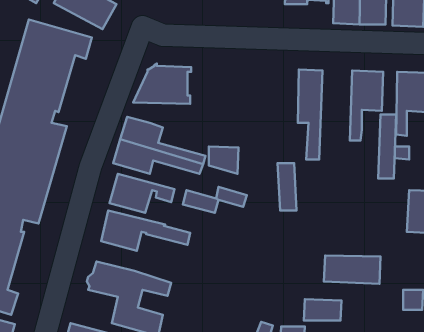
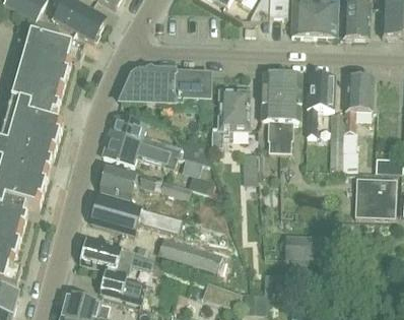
building: none -> [166,72,211,104]
building: none -> [279,75,301,151]
building: none -> [213,89,248,149]
building: none -> [156,238,219,270]

